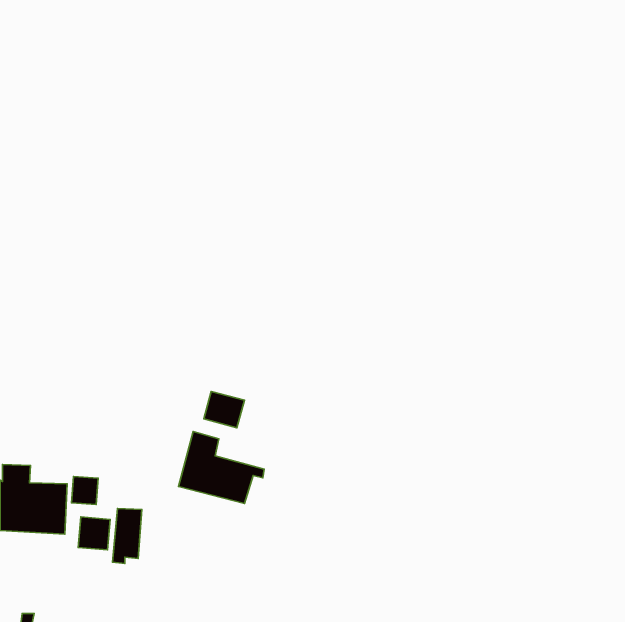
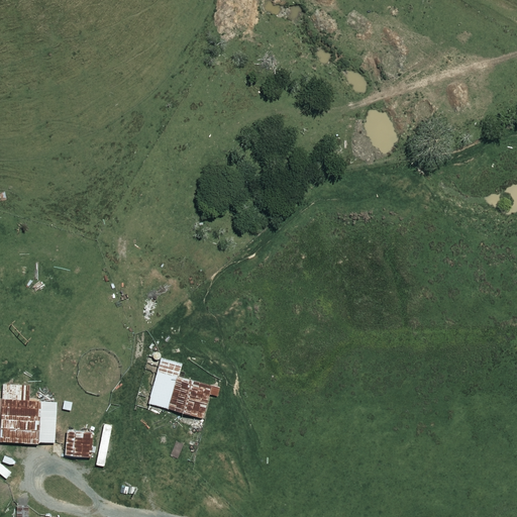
building: [204,391,244,428] -> none
building: [71,476,98,505] -> none

